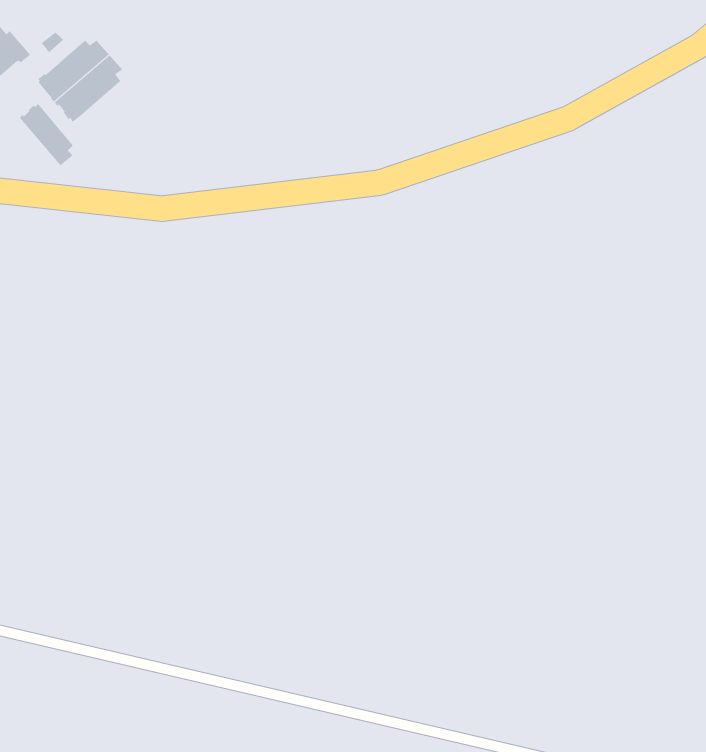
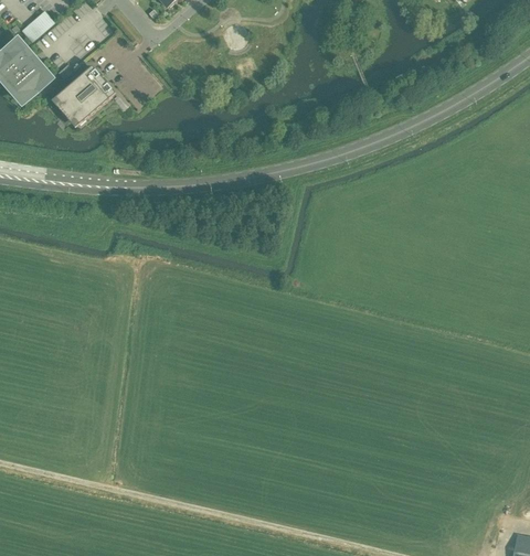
building: [19,104,74,166] -> none

